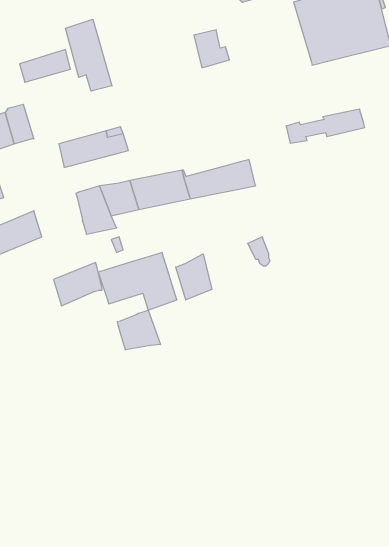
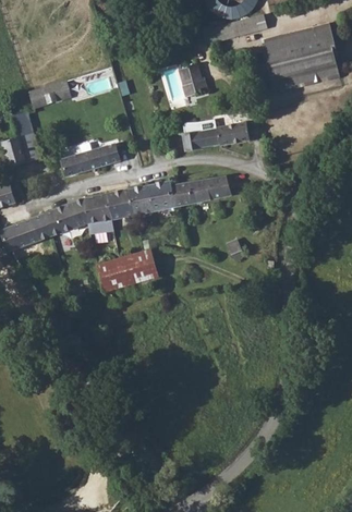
building: [65,19,112,91] -> none
building: [286,109,365,143] -> [183,120,248,148]
building: [176,254,212,300] -> none
building: [54,263,102,306] -> [45,199,85,235]
building: [117,310,160,350] -> none

